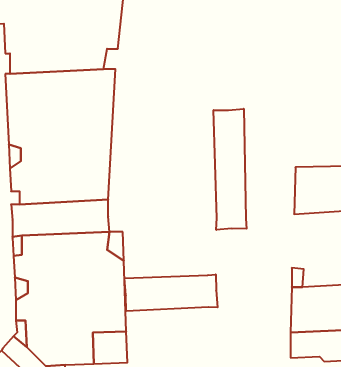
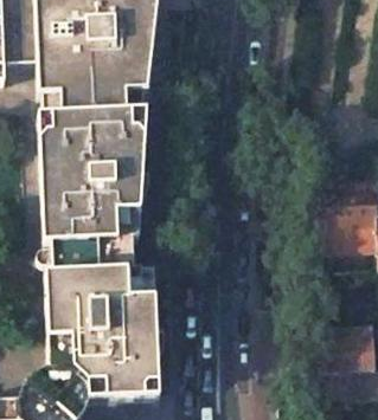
building: [214,109,247,230] -> none
building: [124,274,218,311] -> none

